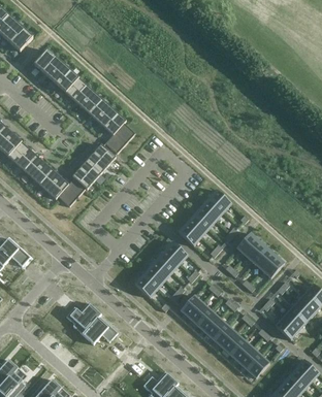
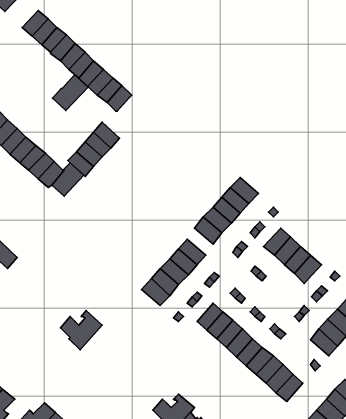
building: [104,123,134,153] -> [52,75,88,111]
building: [82,313,117,343] -> none

